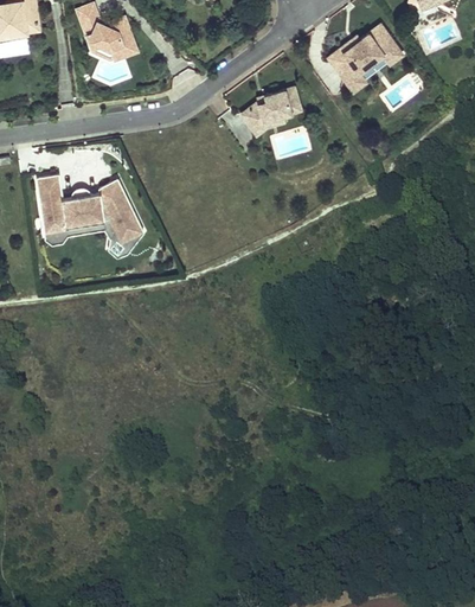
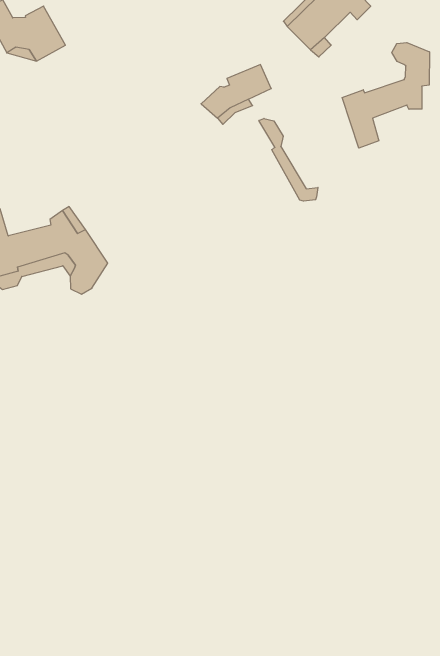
building: none -> [342,43,429,148]
building: none -> [259,118,318,201]

